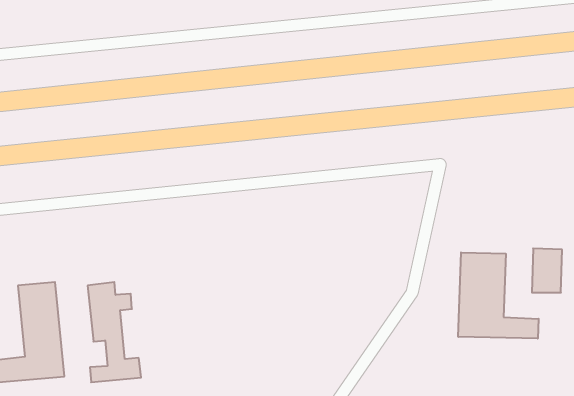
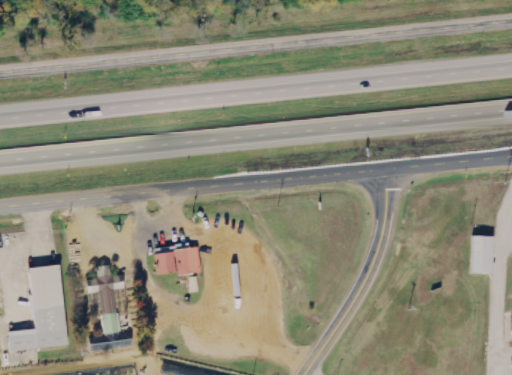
building: [458,252,539,339] -> none
building: none -> [149,244,196,275]

